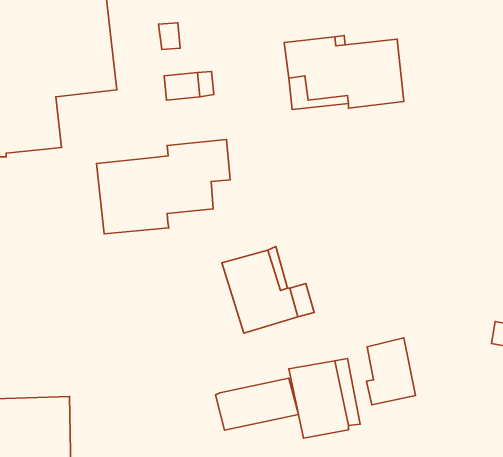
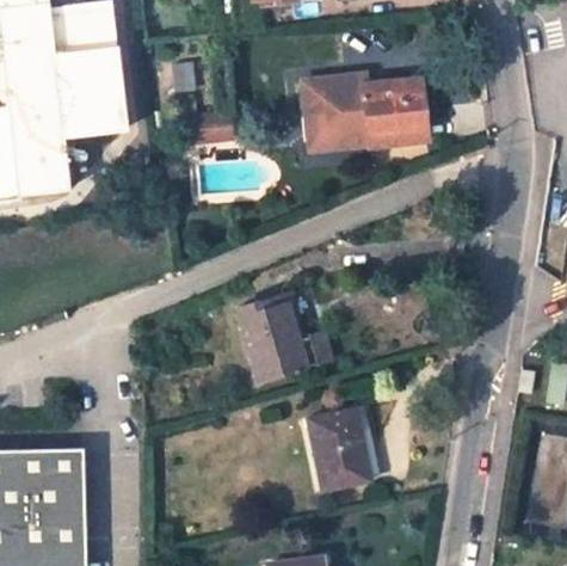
building: [97,139,230,234] -> none
building: [366,338,415,405] -> none
building: [215,378,299,430] -> none

